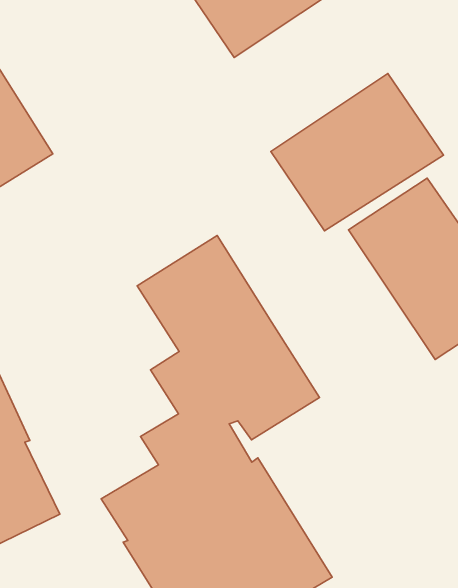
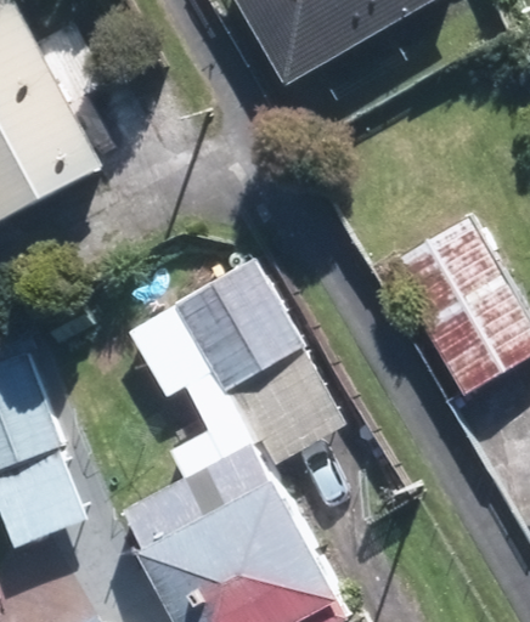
building: [271,73,443,231] -> none

